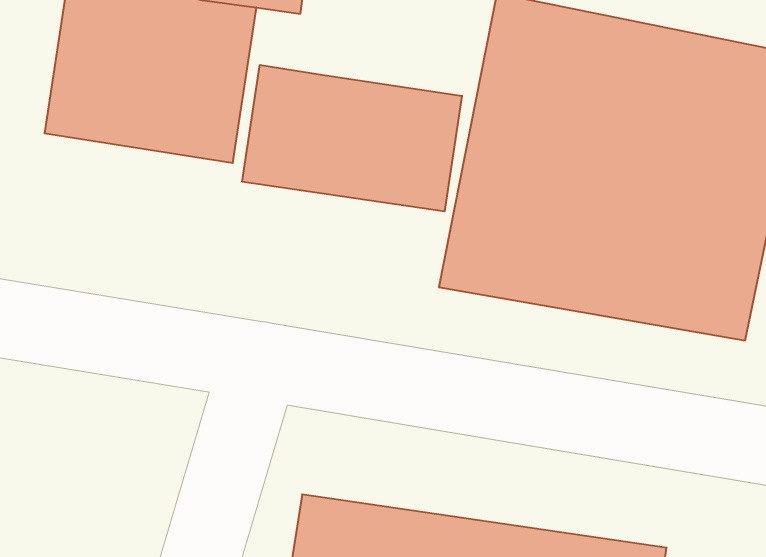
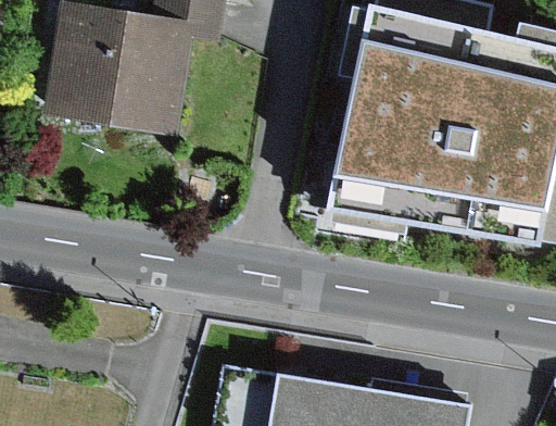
building: [242,65,462,211] -> none

